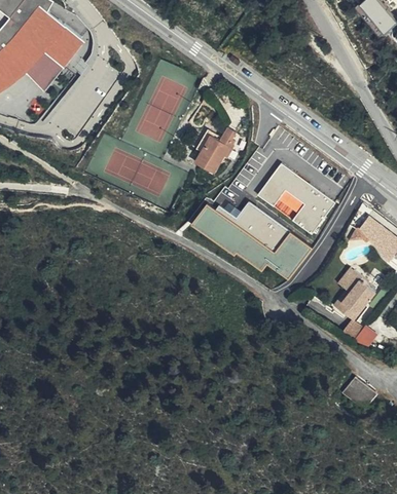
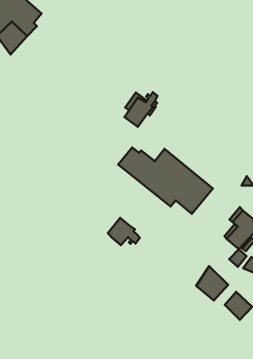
building: [257,161,336,233] -> none
building: none -> [108,218,140,245]
building: none -> [196,266,228,301]

